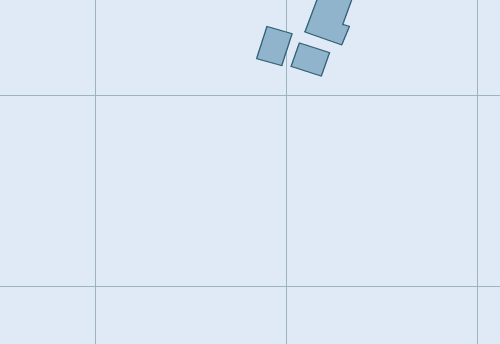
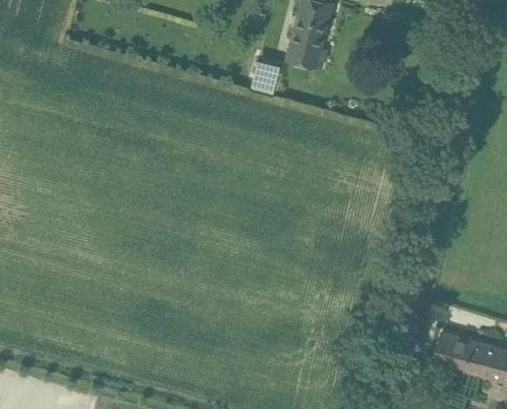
building: [291,43,330,76] -> none

